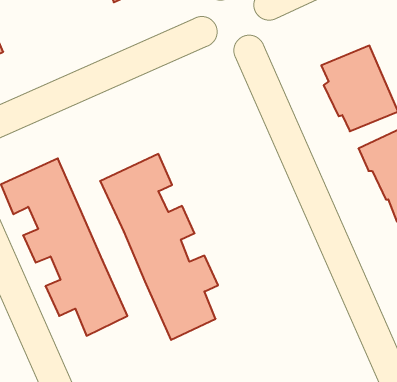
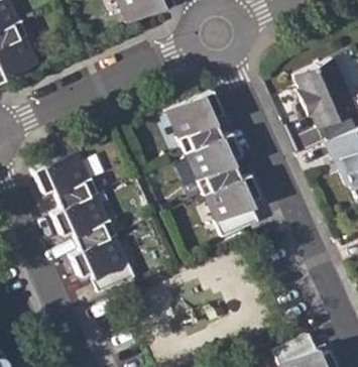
building: [100,154,218,340] -> [165,90,261,241]

